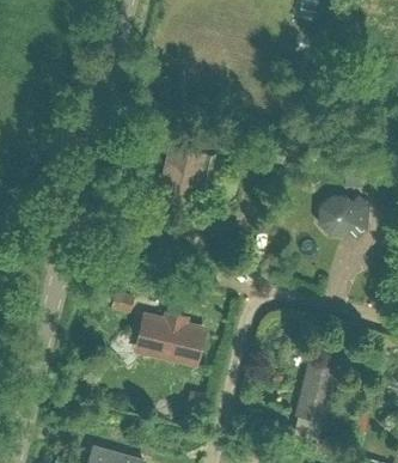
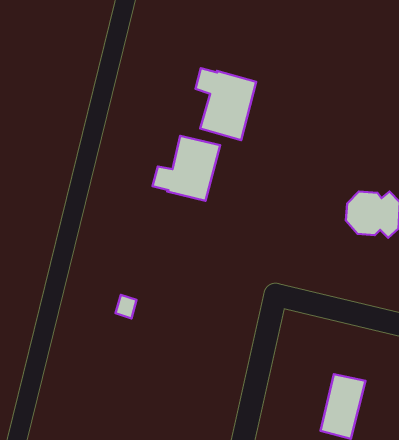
building: none -> [195,68,256,140]
building: [139,316,201,361] -> none

